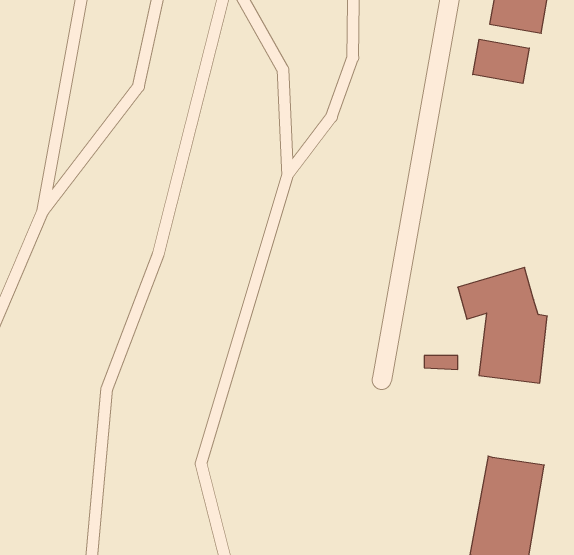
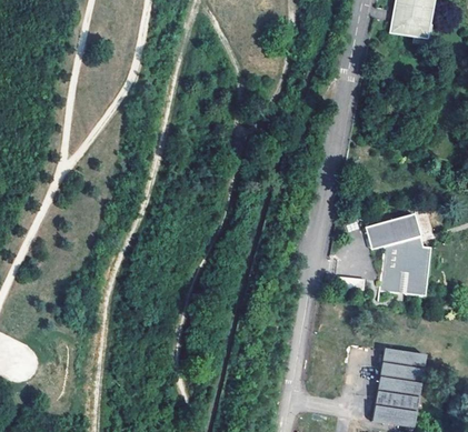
building: [473,39,529,83] -> none

